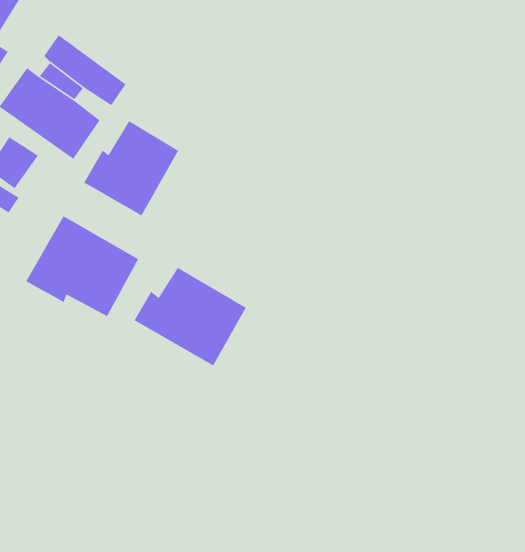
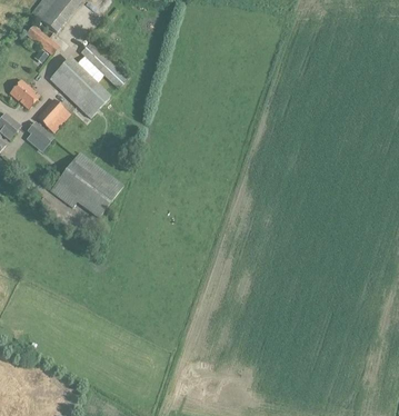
building: [83,120,179,216] -> none
building: [133,267,247,366] -> none

